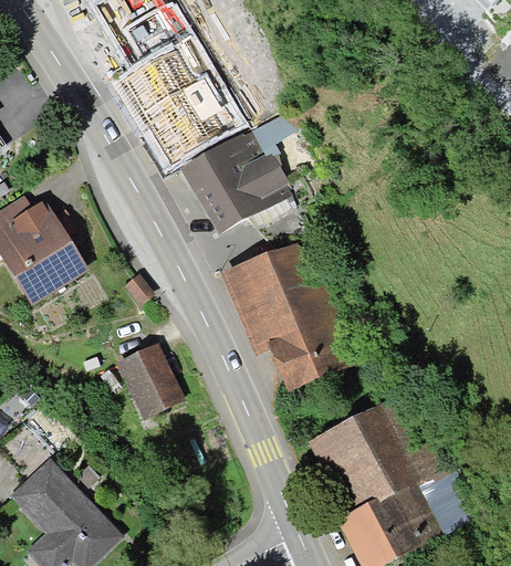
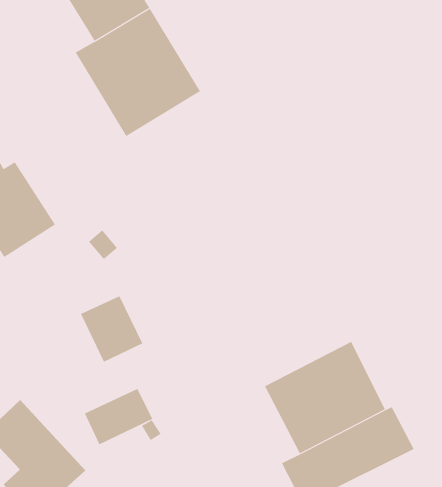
building: [181,113,300,233] -> none
building: [222,243,361,387] -> none
building: none -> [84,388,153,445]

